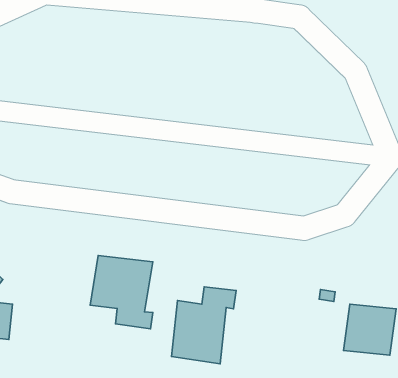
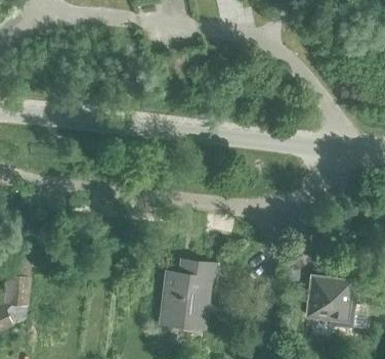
building: [90,255,153,329] -> none

